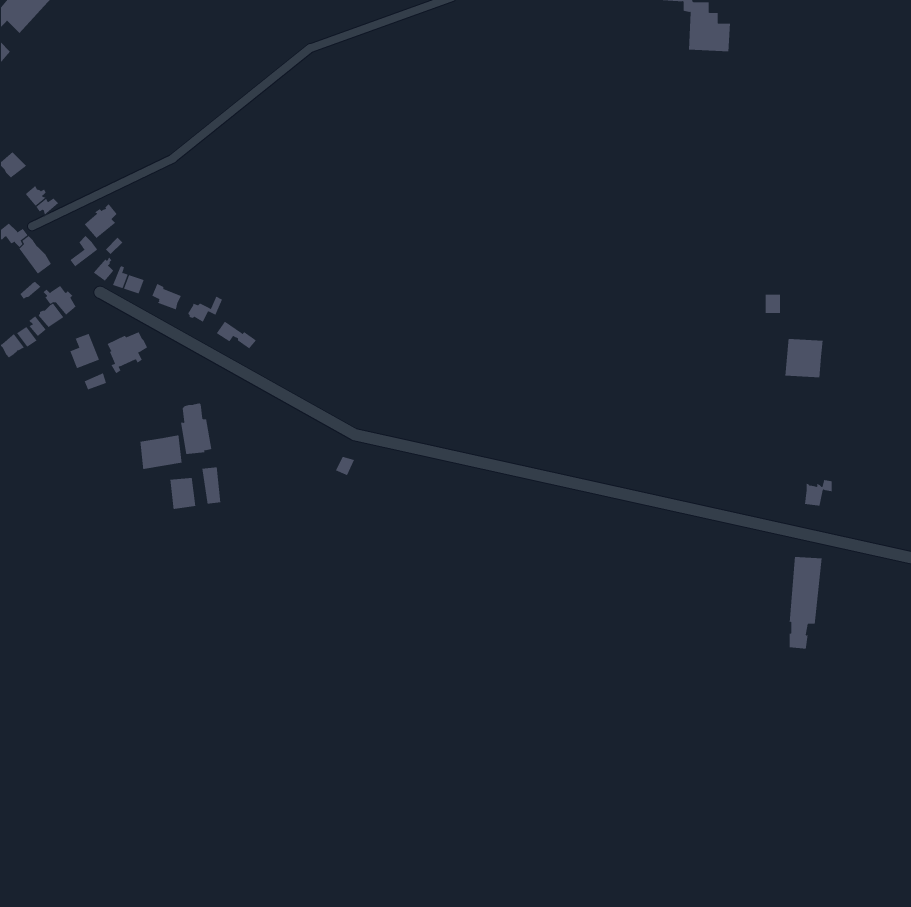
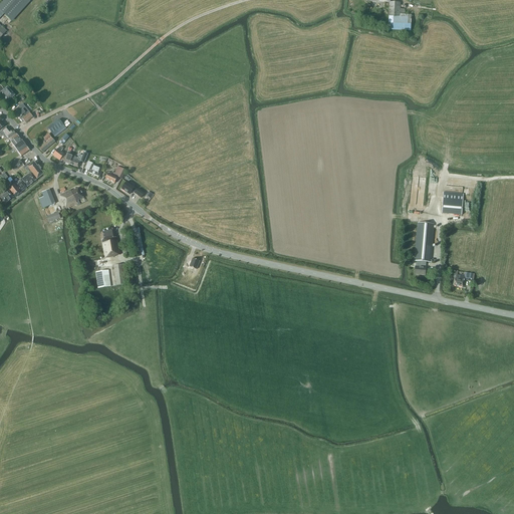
building: [140,434,182,470] -> none
building: [789,556,823,649] -> [415,222,434,274]

